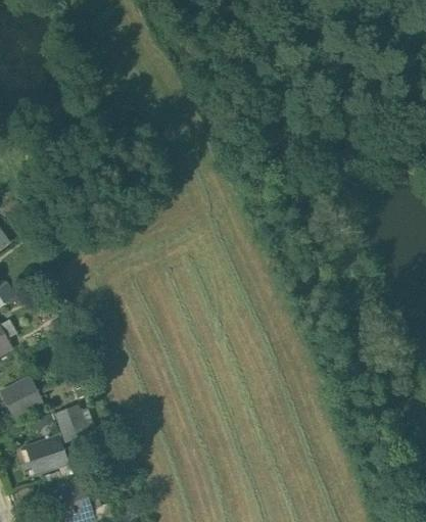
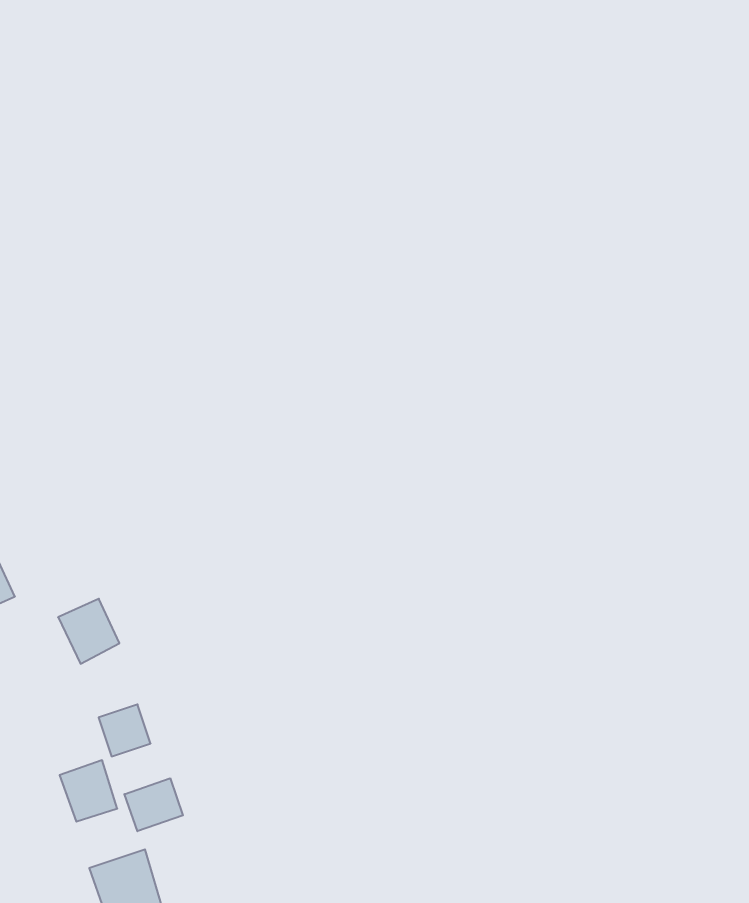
building: [7,379,41,415] -> [58,599,119,664]
building: none -> [124,778,183,831]

